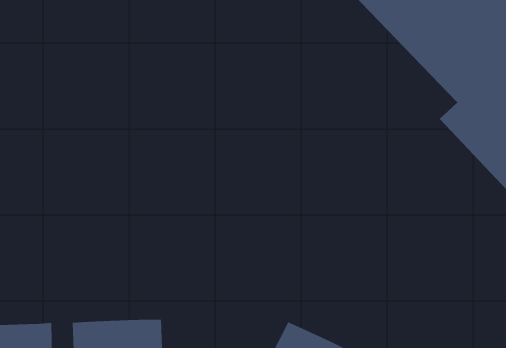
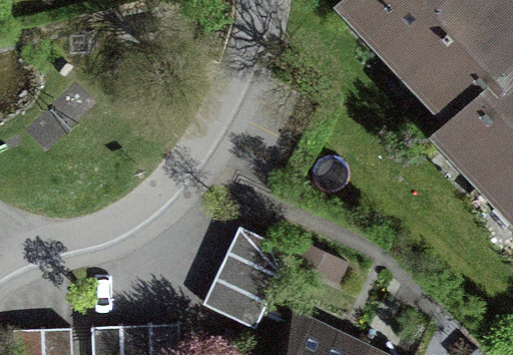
building: none -> [203,227,292,332]

